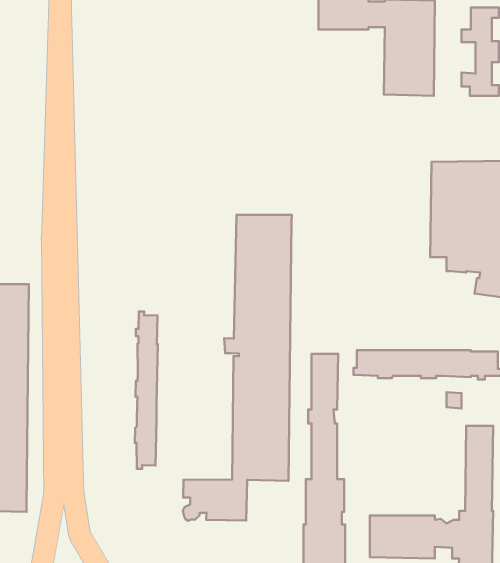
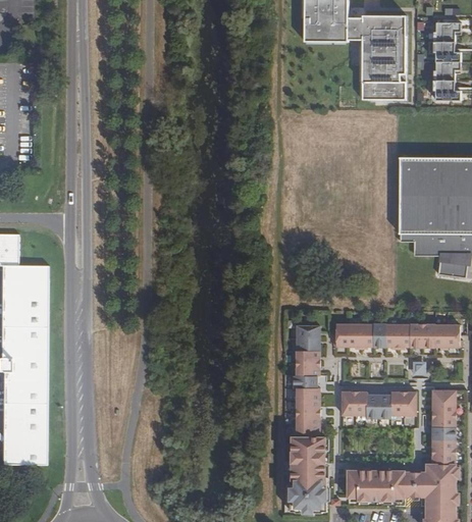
building: [183,215,292,521] -> none
building: [135,311,158,469] -> none
building: none -> [340,389,415,415]

